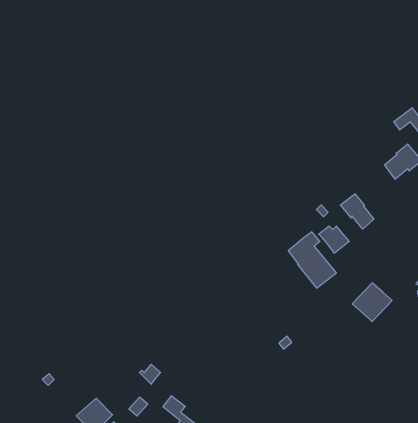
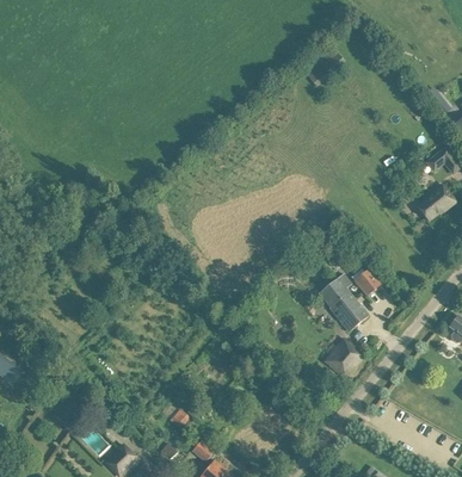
building: [340,194,374,229] -> none
building: [352,283,392,322] -> [325,337,365,377]

